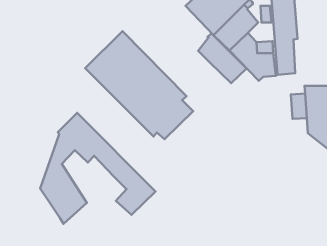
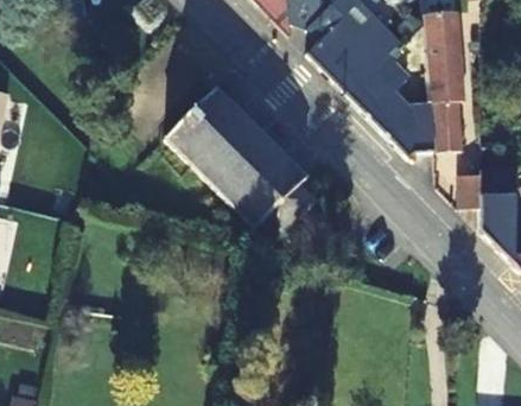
building: [198,33,247,83] -> none
building: [40,113,155,224] -> none

